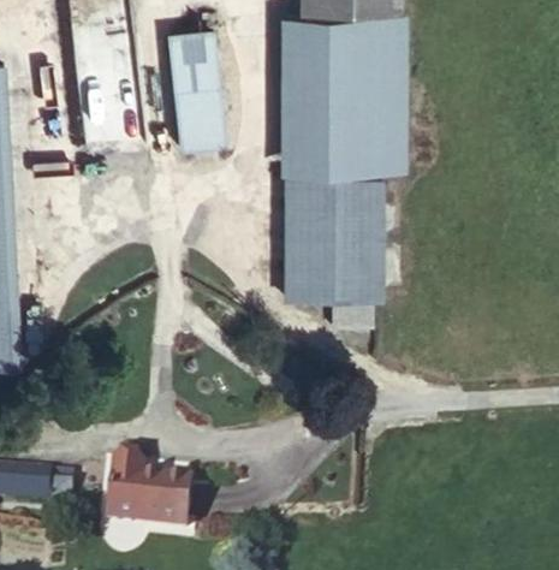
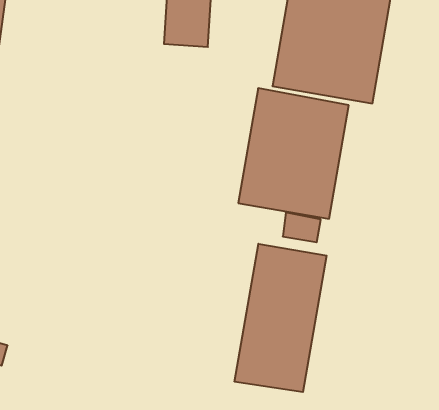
building: none -> [235,244,327,392]
building: [108,458,191,523] -> none

